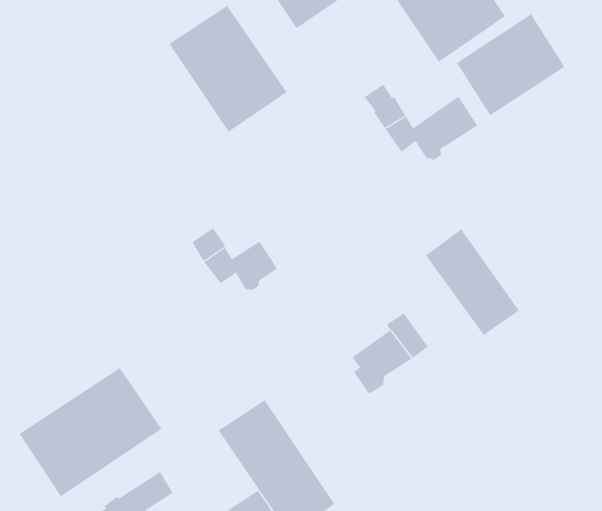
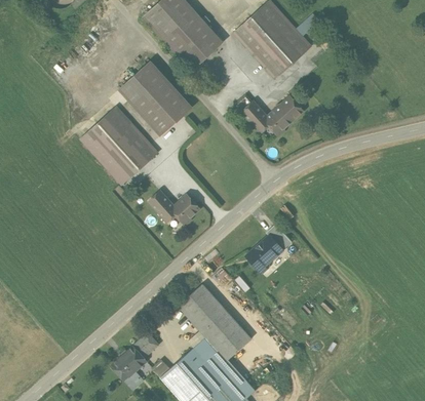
building: [456,14,565,116] -> none
building: none -> [80,107,157,184]
building: [425,229,519,336] -> none
building: [19,367,162,497] -> none

